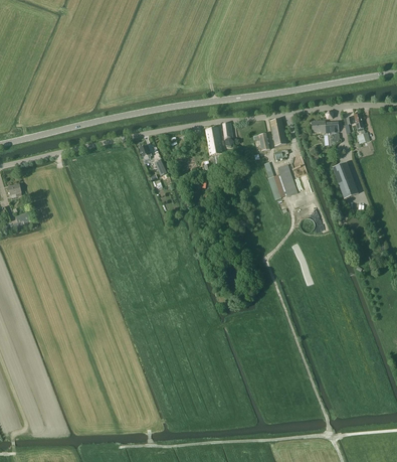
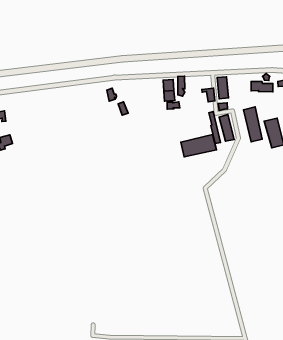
building: none -> [243,107,262,142]
building: none -> [181,135,216,157]

